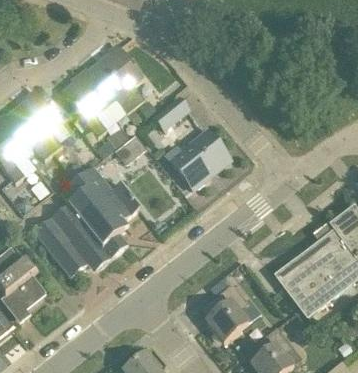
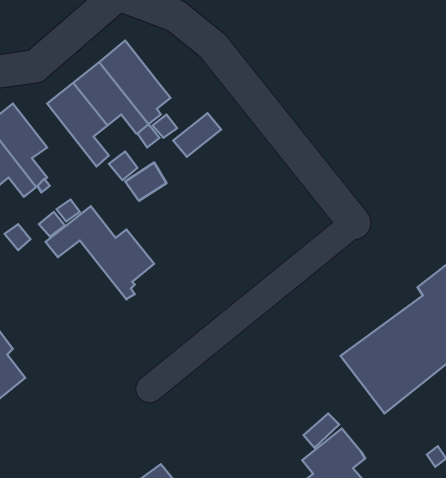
building: [171,136,230,194] -> none
building: [34,196,129,282] -> none
building: [205,289,262,348] -> none

